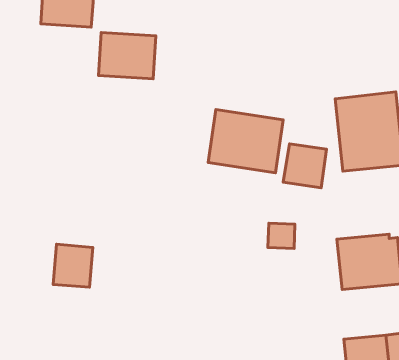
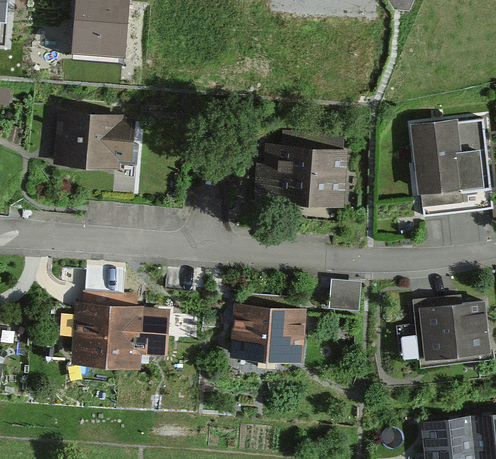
building: [99,32,156,79] -> [55,116,123,171]
building: [283,144,327,188] -> none
building: none -> [230,291,307,359]
building: none -> [119,308,167,357]

